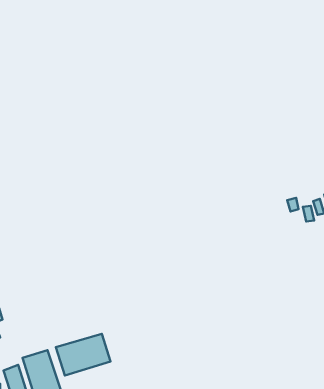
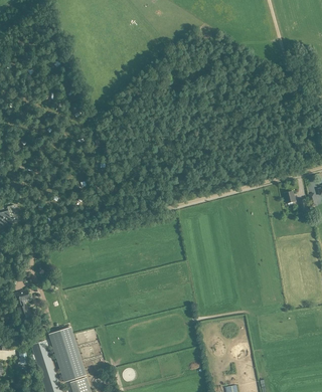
building: [56,334,110,376] -> none

